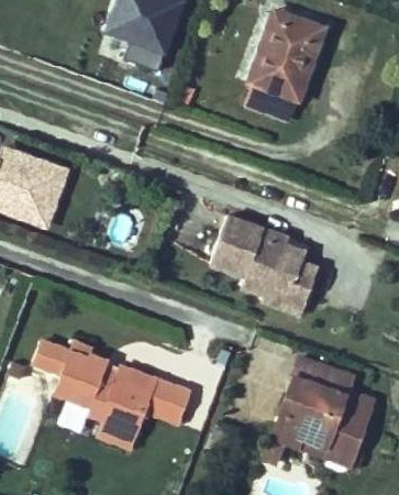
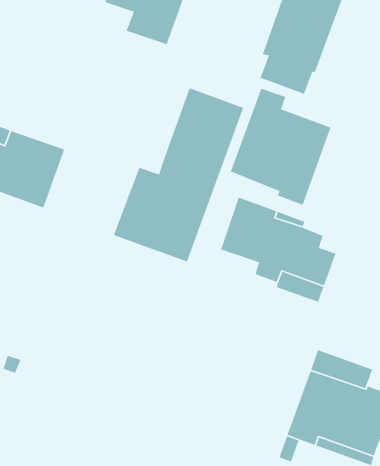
building: none -> [113,87,244,263]
building: none -> [230,88,332,206]
building: [34,337,189,449] -> none

